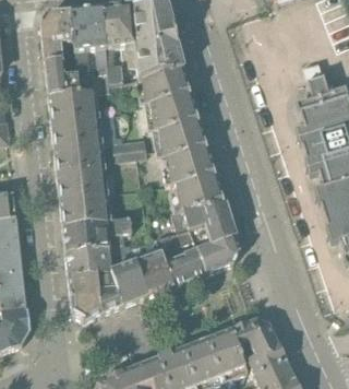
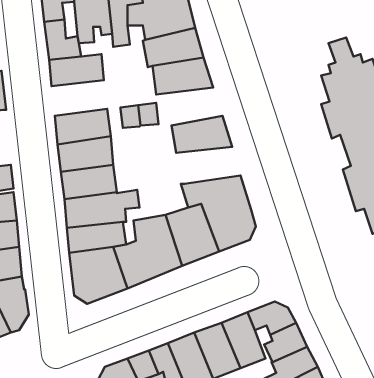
building: [51,114,112,148] -> none
building: [147,121,208,156] -> none
building: [166,176,225,210] -> none

